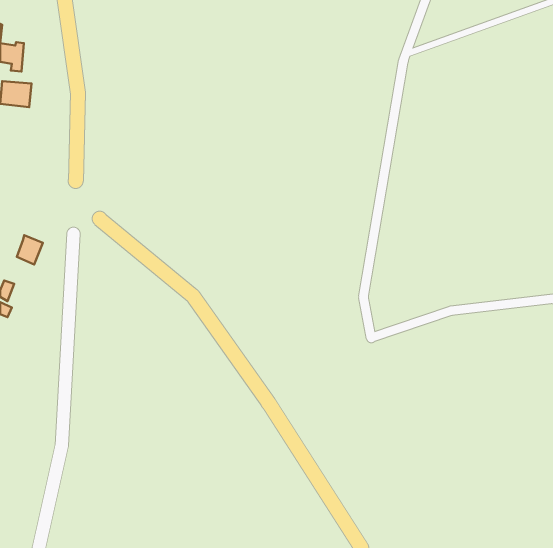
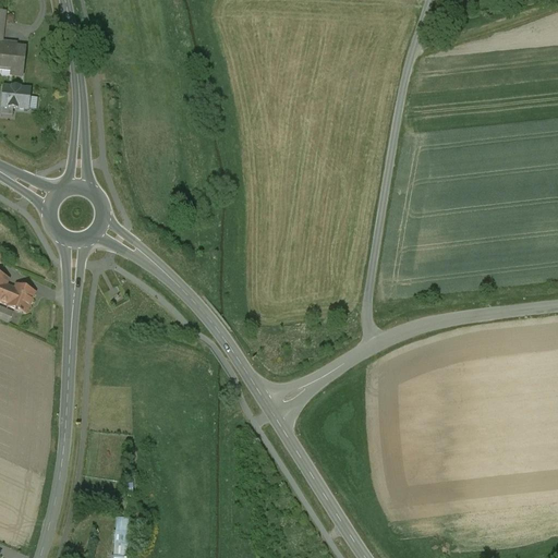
building: [17,235,43,264] -> [8,281,34,311]

